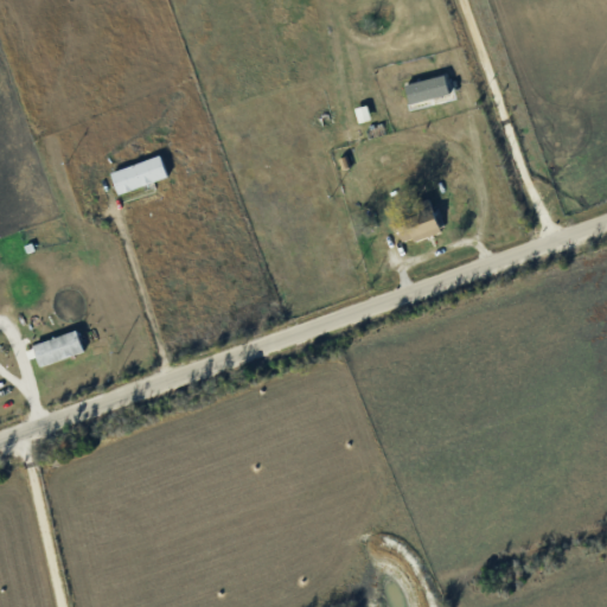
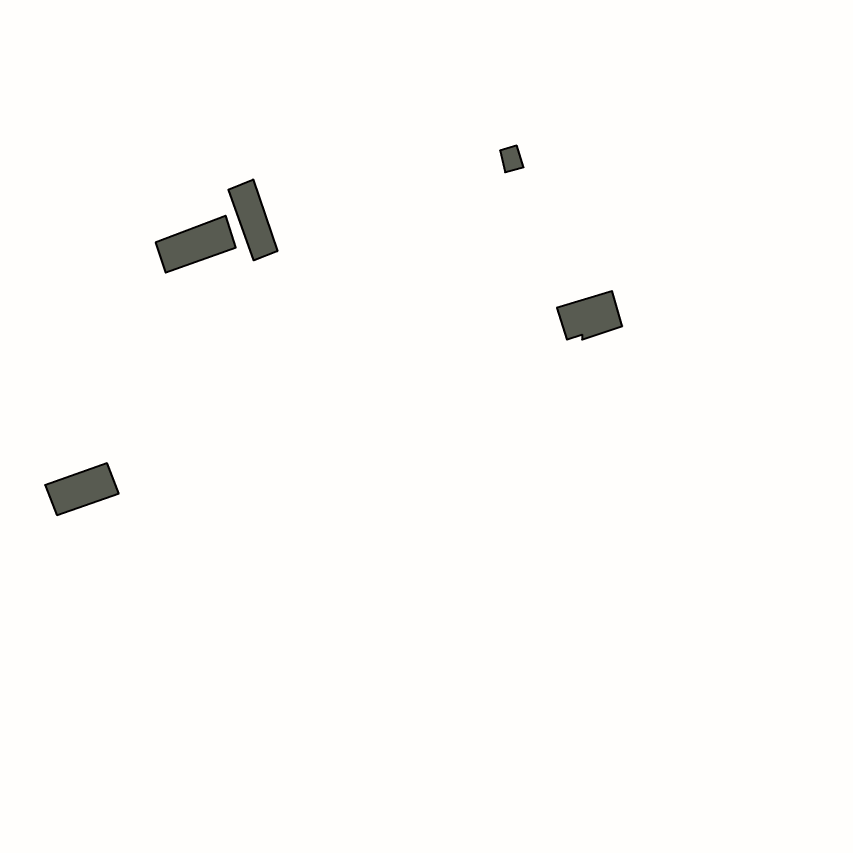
building: [405,76,449,102] -> none
building: none -> [228,179,277,260]

